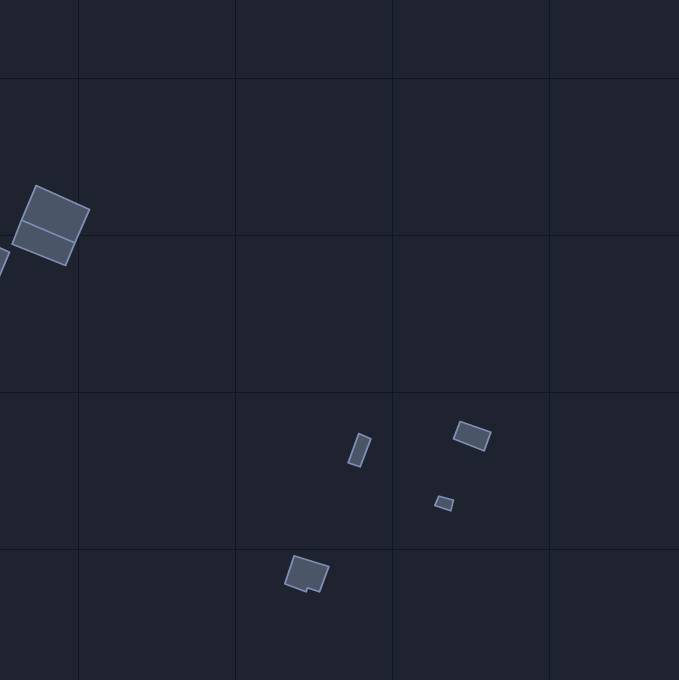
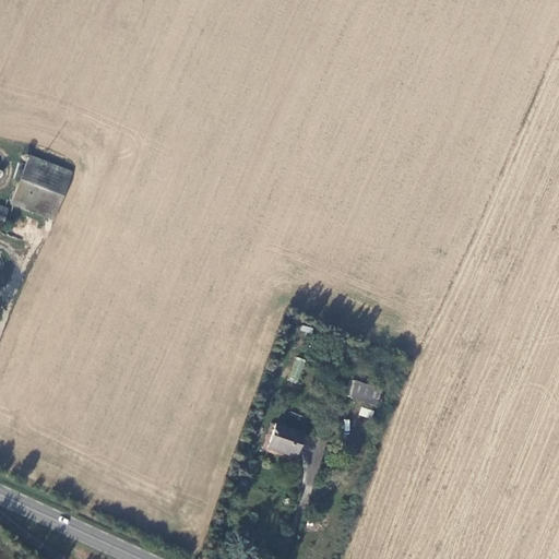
building: [454,421,491,451] -> [349,383,380,407]
building: [285,556,329,592] -> [267,426,304,455]

